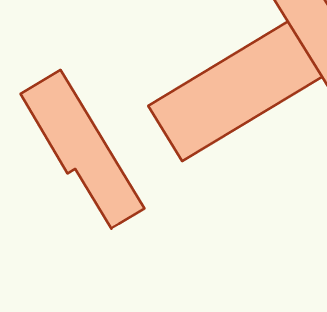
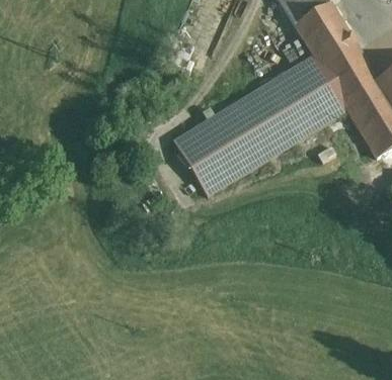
building: [20,70,144,229] -> none

